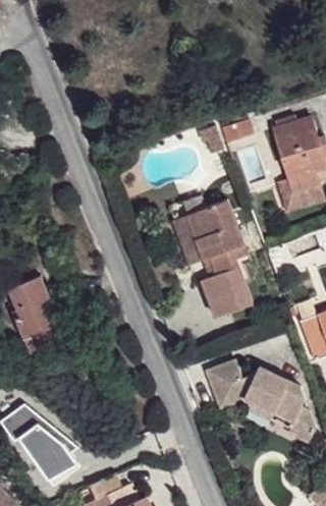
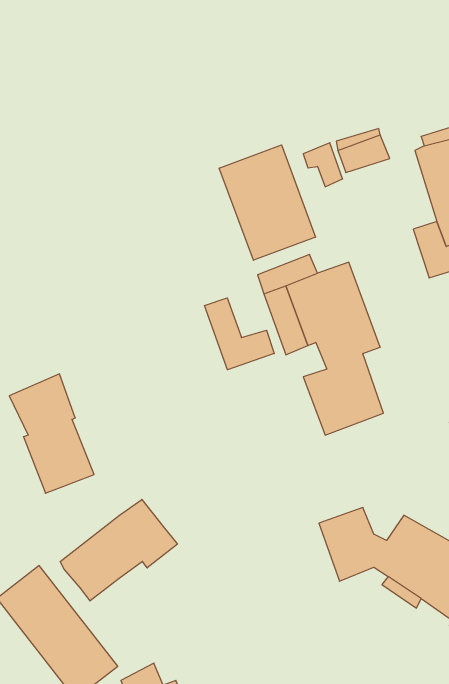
building: none -> [219,145,316,260]
building: none -> [204,298,274,370]
building: none -> [60,499,177,601]

